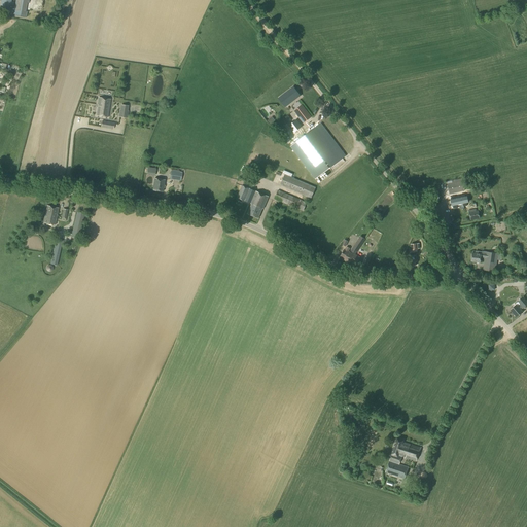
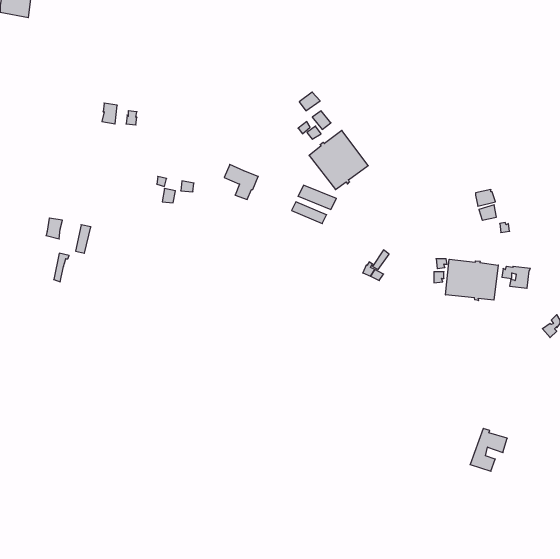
building: [237,184,269,217] -> [224,164,258,199]
building: none -> [446,259,498,301]
building: [385,437,420,478] -> [470,428,507,471]

